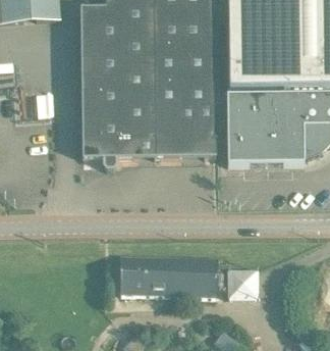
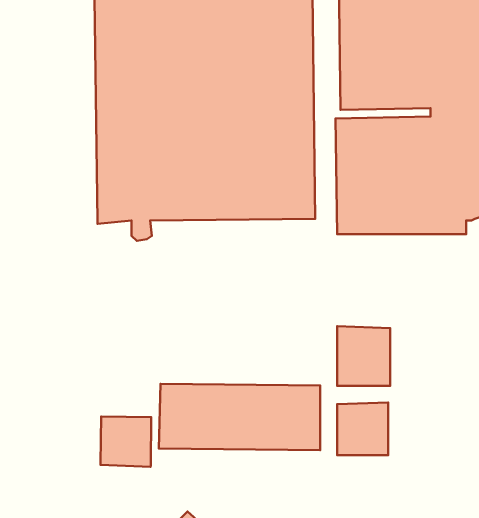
building: none -> [337,326,390,386]
building: none -> [101,416,151,467]

